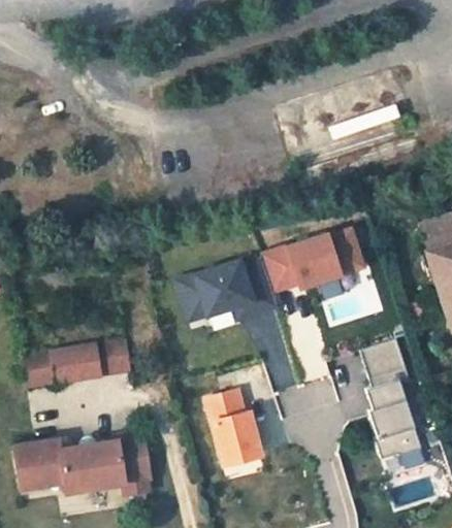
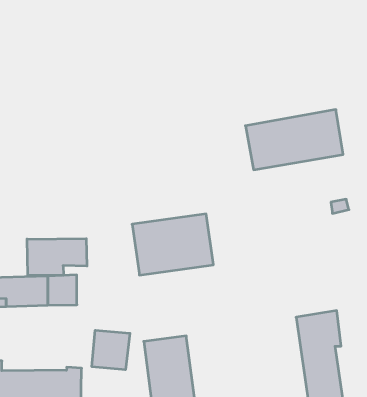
building: [261,225,366,298] -> [245,110,343,170]
building: none -> [27,239,87,275]
building: none -> [92,330,130,370]

